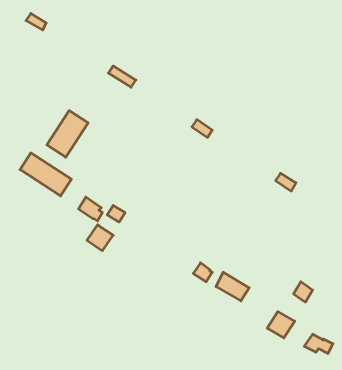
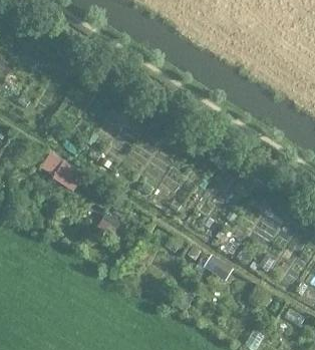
building: [47,111,88,157] -> none

